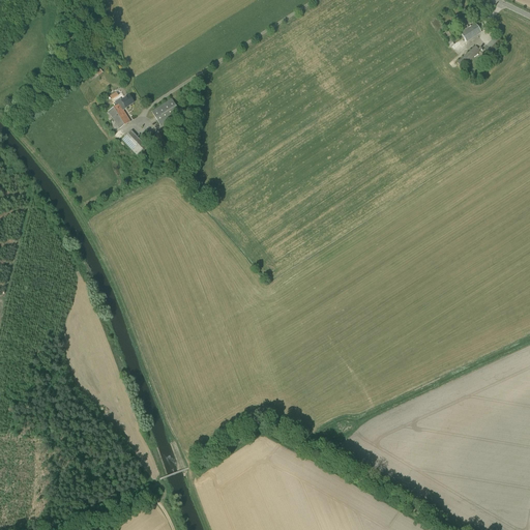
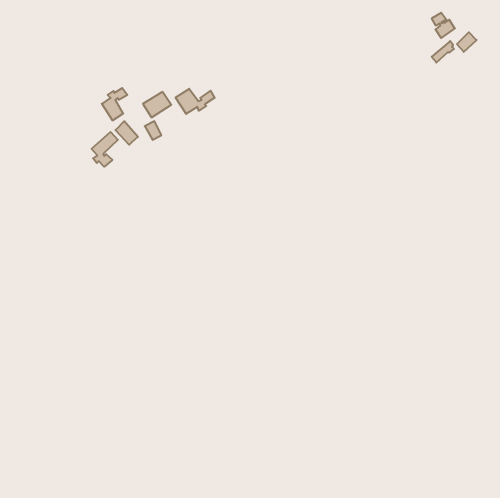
building: none -> [176,89,215,114]
building: none -> [92,132,118,167]

